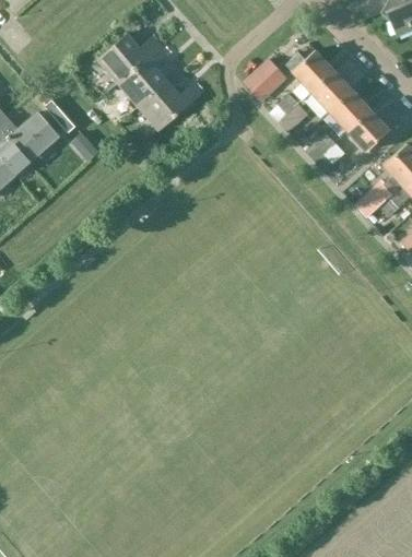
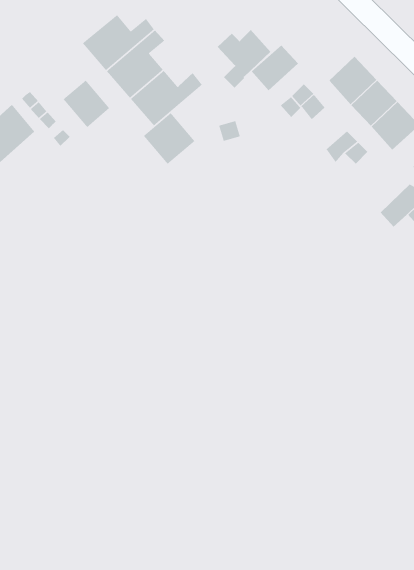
building: [286,50,333,102] -> [217,29,271,88]
building: none -> [63,79,110,128]
building: none -> [143,112,196,165]

